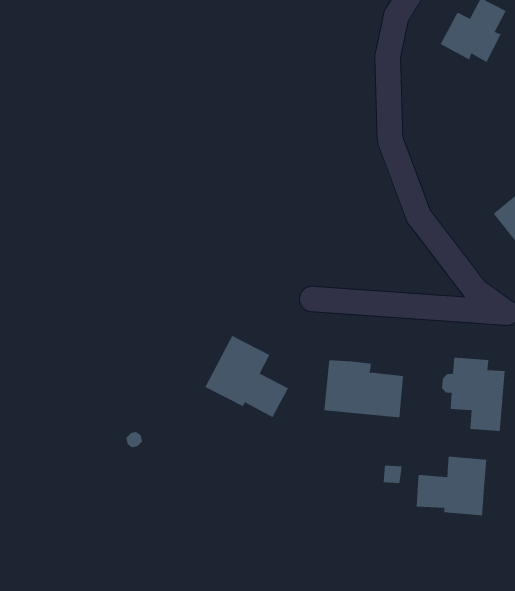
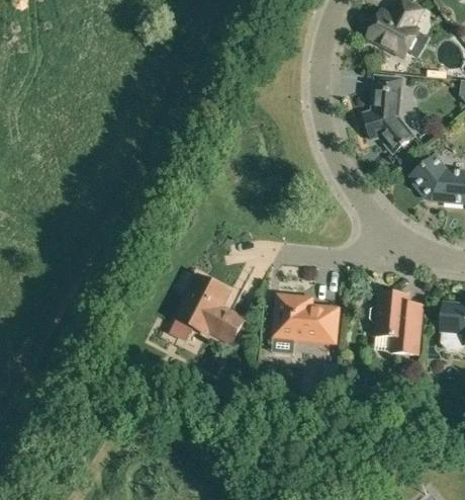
building: none -> [364,76,413,152]
building: [416,456,487,516] -> none

